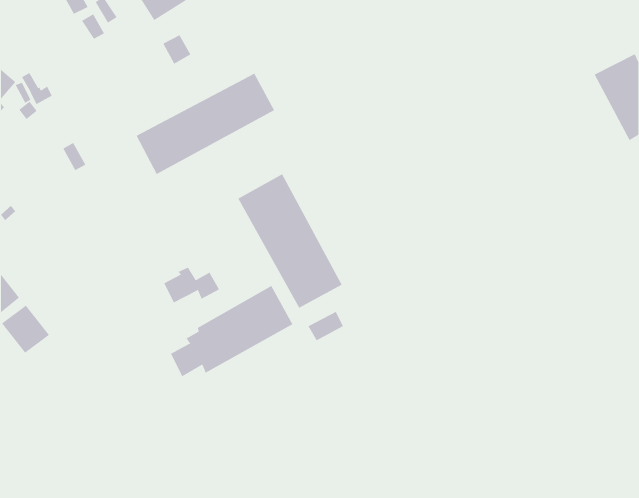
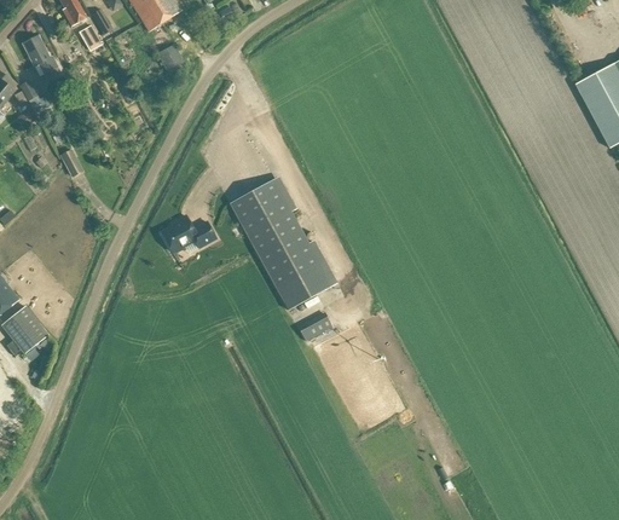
building: none -> [23,35,57,74]
building: [136,73,275,175] -> none
building: [164,267,220,303] -> [162,216,216,252]
building: [170,285,293,377] -> none

